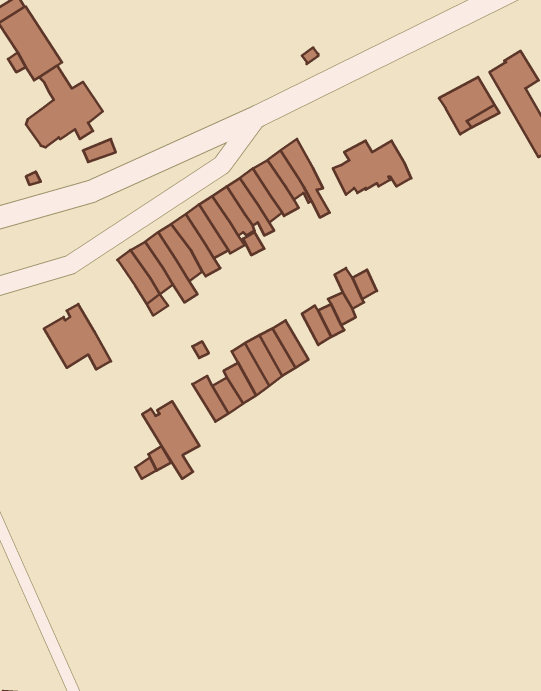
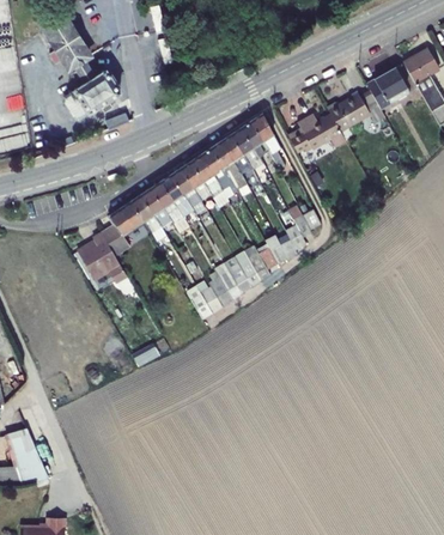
building: none -> [327,90,385,130]
building: none -> [102,201,144,254]
building: [142,401,199,479] -> none

